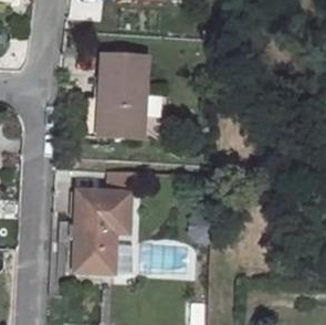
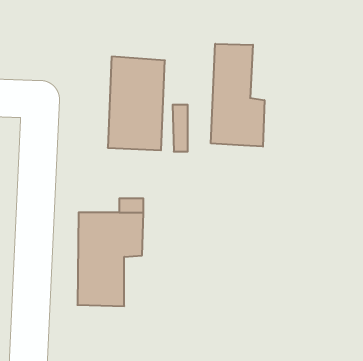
building: none -> [211,44,264,147]

